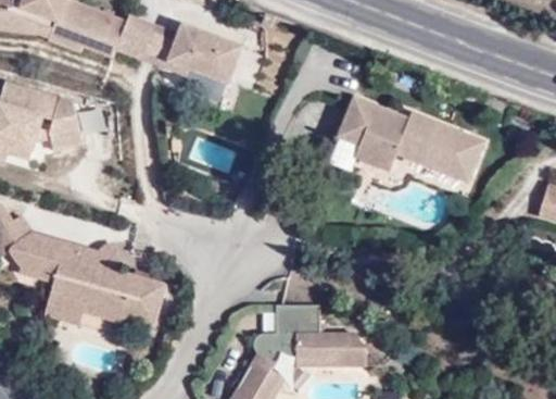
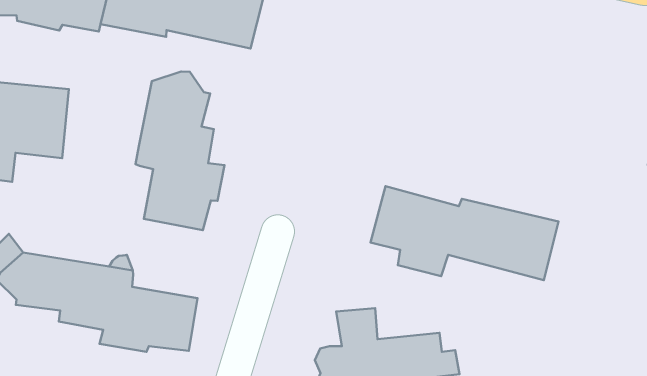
building: [336,95,488,185] -> [371,186,558,280]
building: none -> [135,72,224,230]
building: [45,287,87,323] -> none

